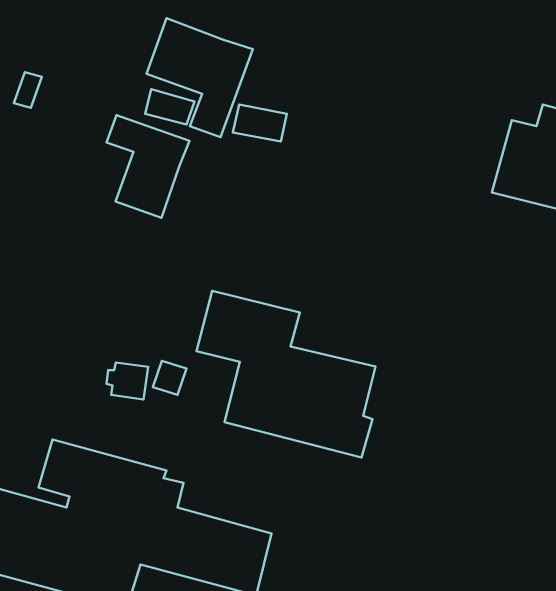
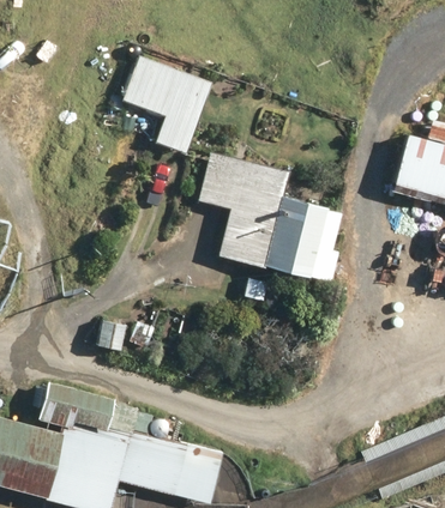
building: [106,115,190,218] -> none
building: [197,291,375,458] -> [202,153,341,283]

